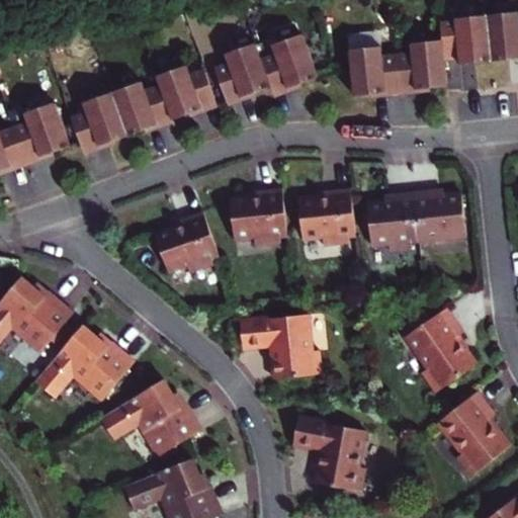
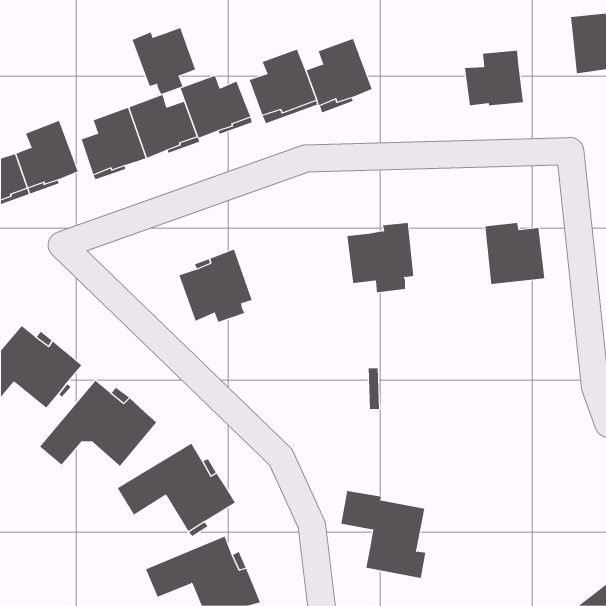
building: [440,14,492,66] -> none
building: none -> [132,27,196,95]
building: [349,49,401,97] -> none
building: [228,187,285,247] -> none
building: [365,192,419,254] -> none
building: [403,309,474,394] -> none
building: [241,319,323,382] -> none
building: [436,393,509,479] -> none

